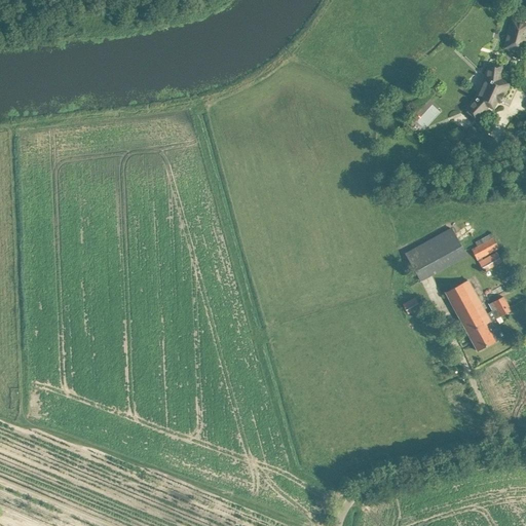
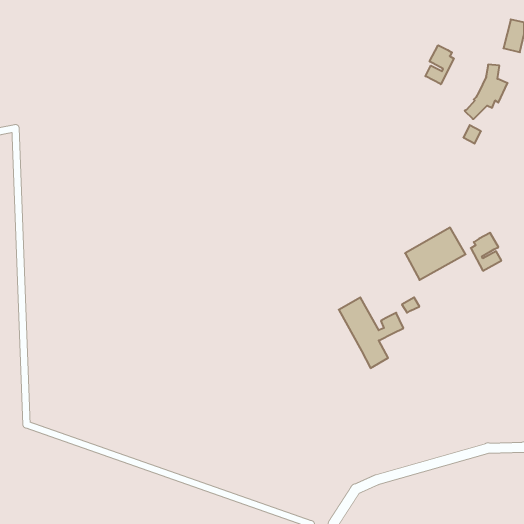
building: none -> [425,45,454,84]
building: [446,280,511,351] -> [339,297,403,368]

